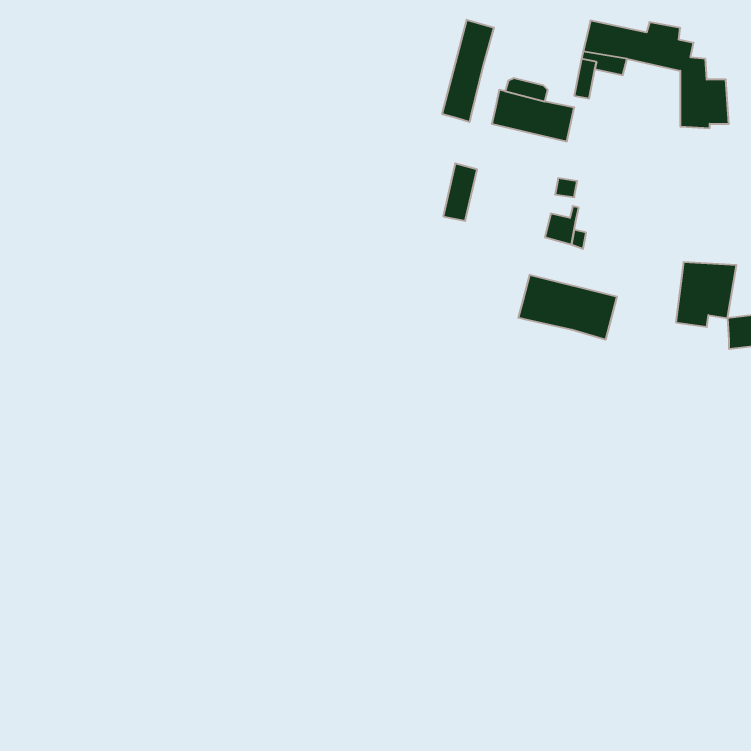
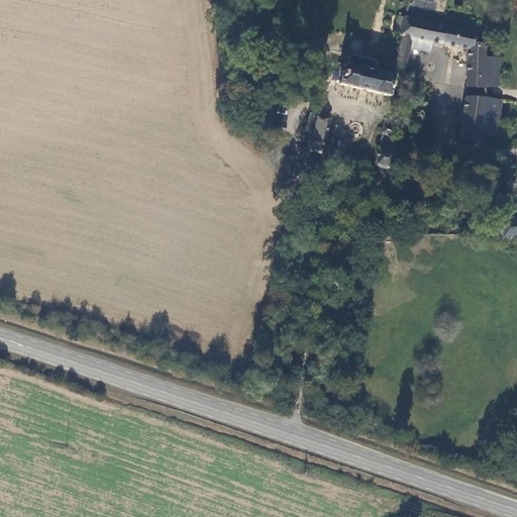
building: [442,20,494,122] -> none
building: [676,262,736,327] -> [460,96,502,140]
building: [518,275,617,340] -> none

